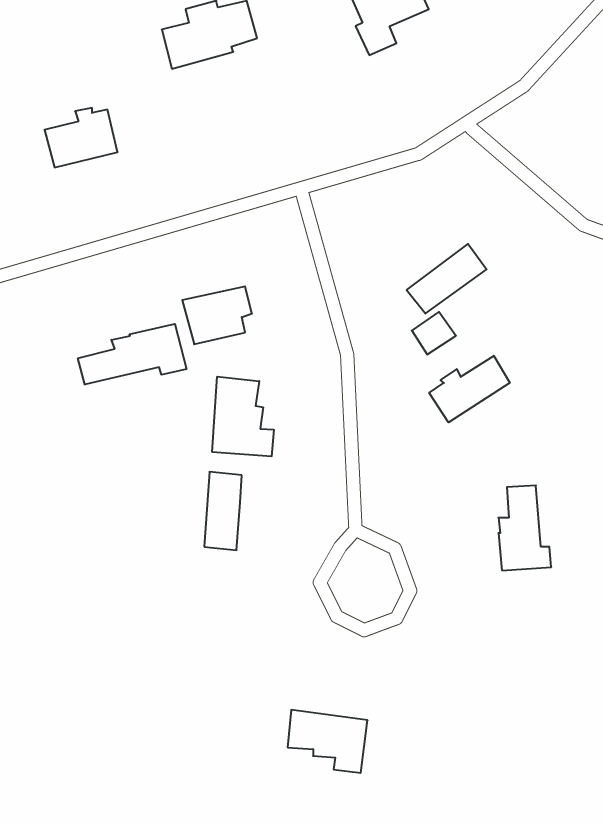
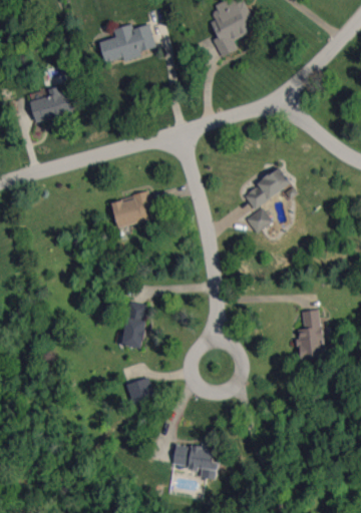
building: [78,324,186,385] -> none
building: [429,356,510,422] -> none
building: [212,377,274,456] -> none
building: none -> [127,377,153,403]

